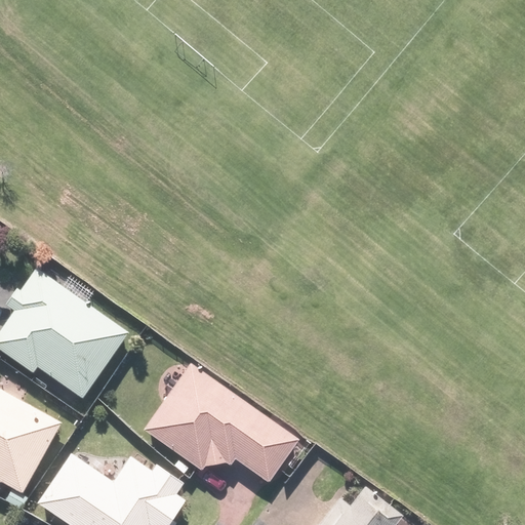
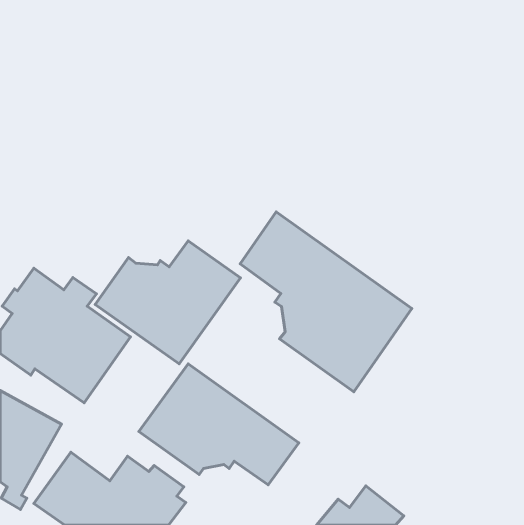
building: none -> [240,212,412,392]
building: none -> [95,241,240,364]

